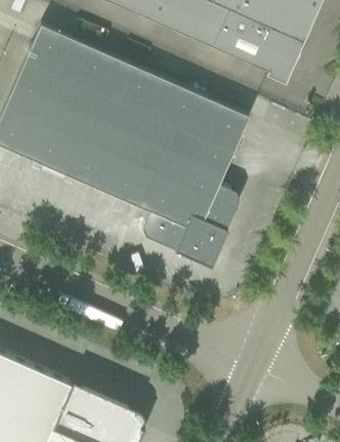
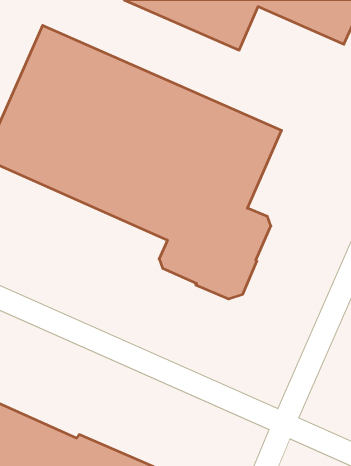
building: [211,9,302,73] -> none

